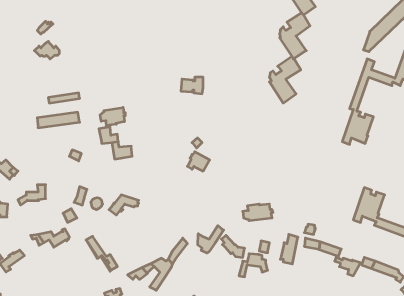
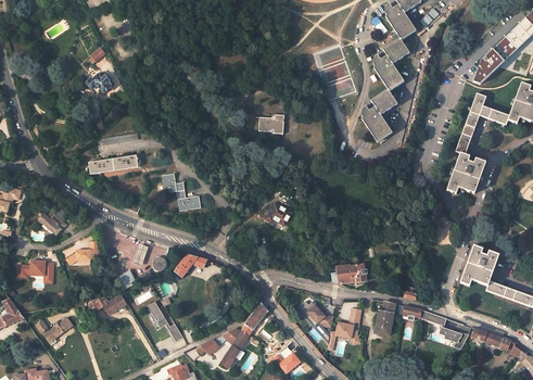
building: [100,107,125,126] -> none
building: [198,226,224,253] -> none

